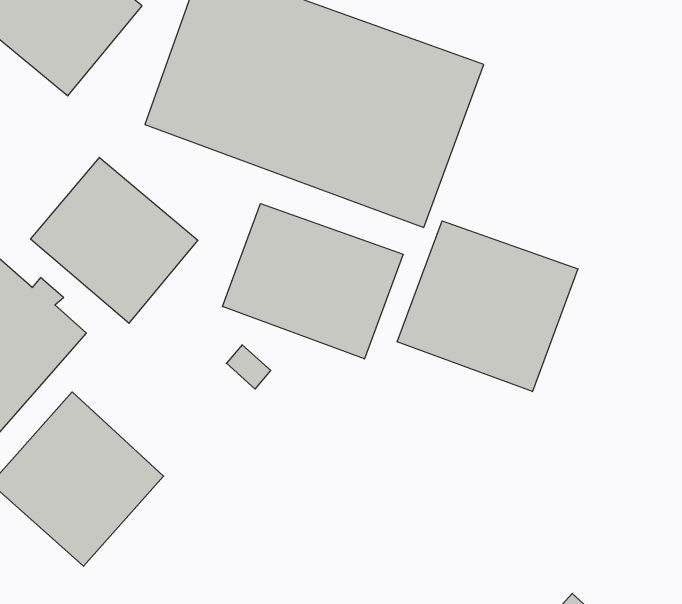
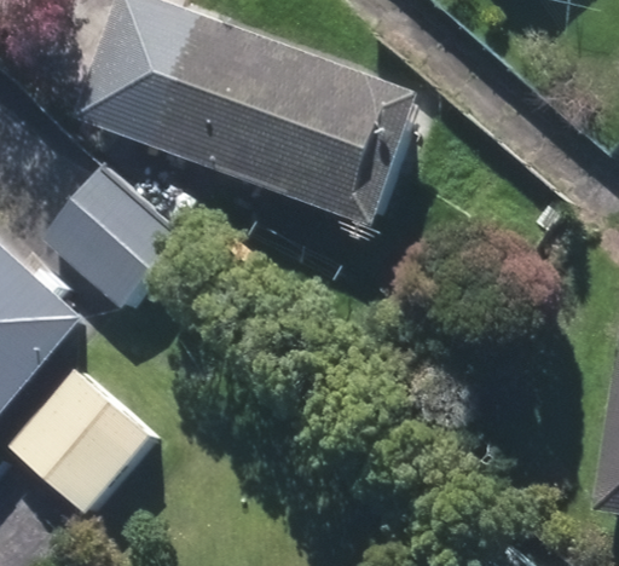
building: [222,204,403,359] -> none
building: [397,221,578,392] -> none

